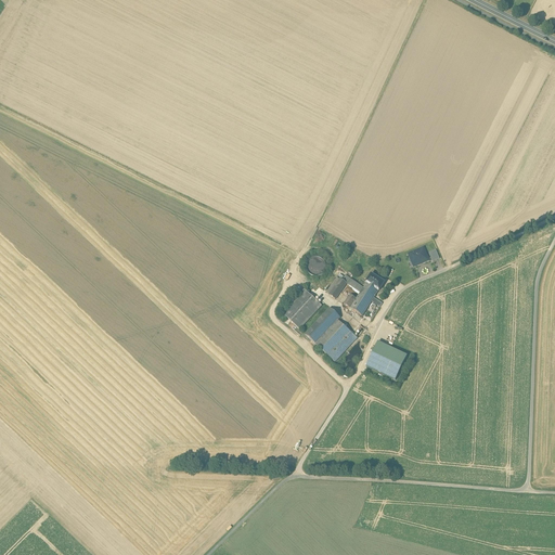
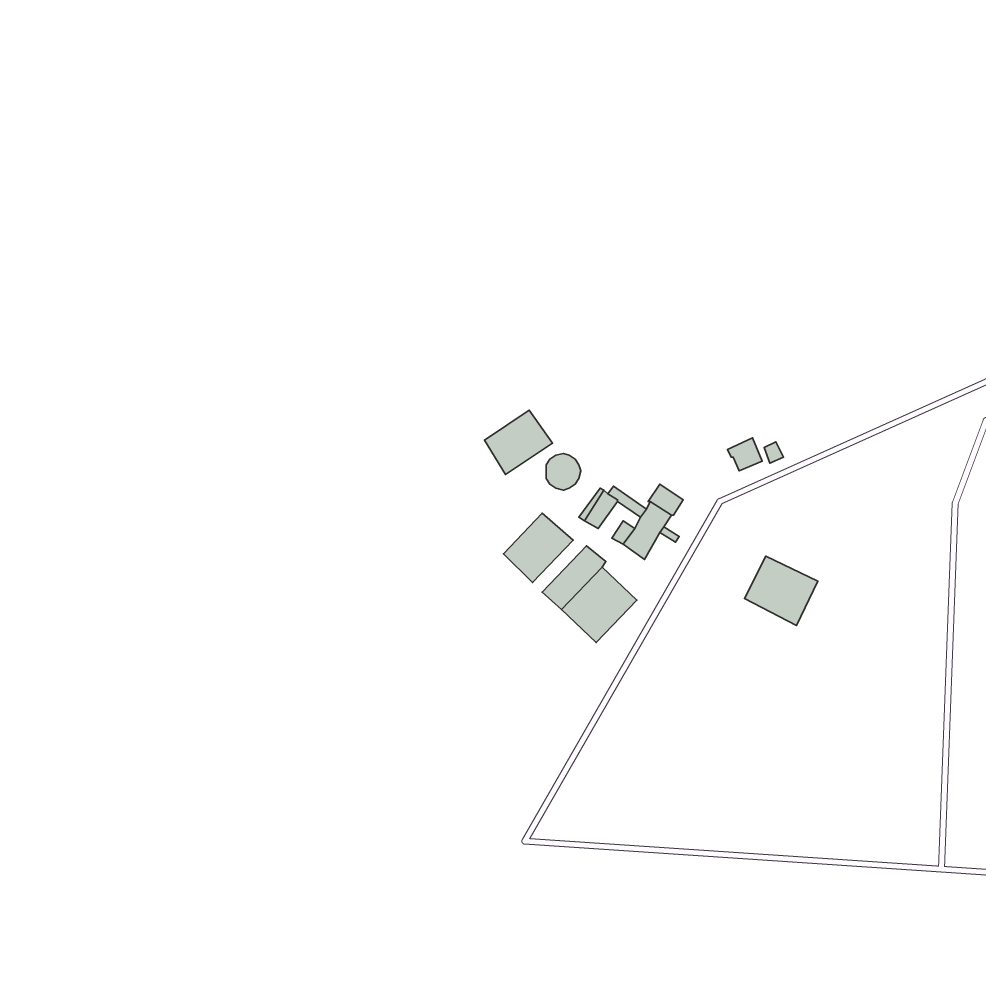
building: none -> [485,410,552,474]
building: [366,340,408,379] -> [744,556,818,626]

